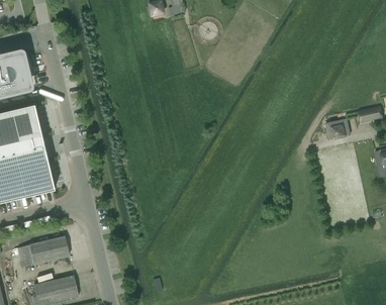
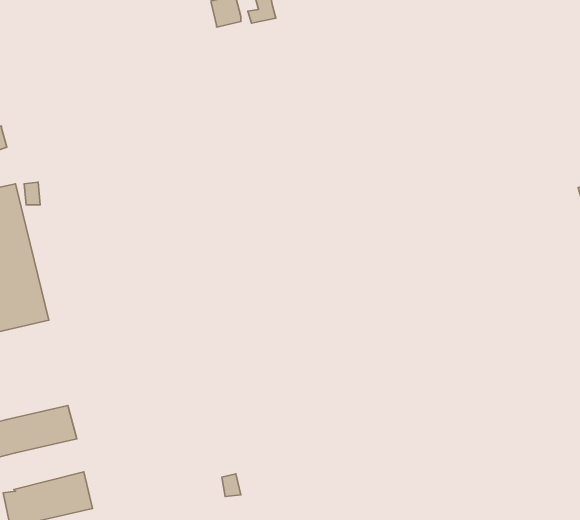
building: [324,120,350,141] -> none

